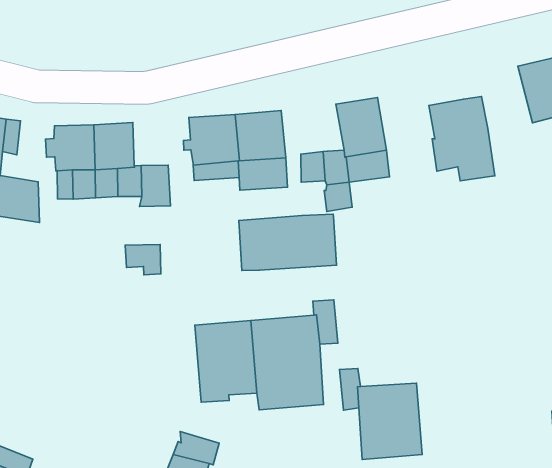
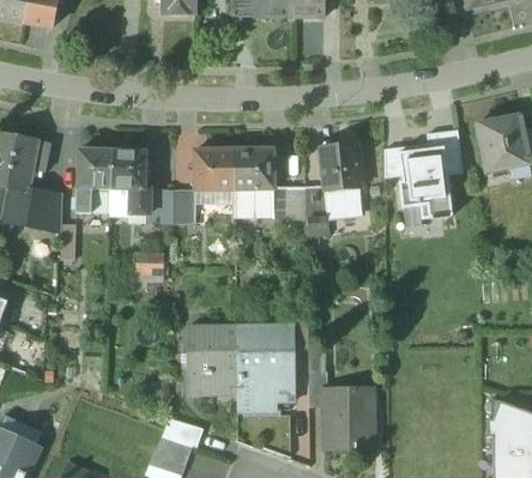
building: none -> [427,129,461,174]
building: none -> [173,188,194,223]
building: [239,214,336,270] -> none

